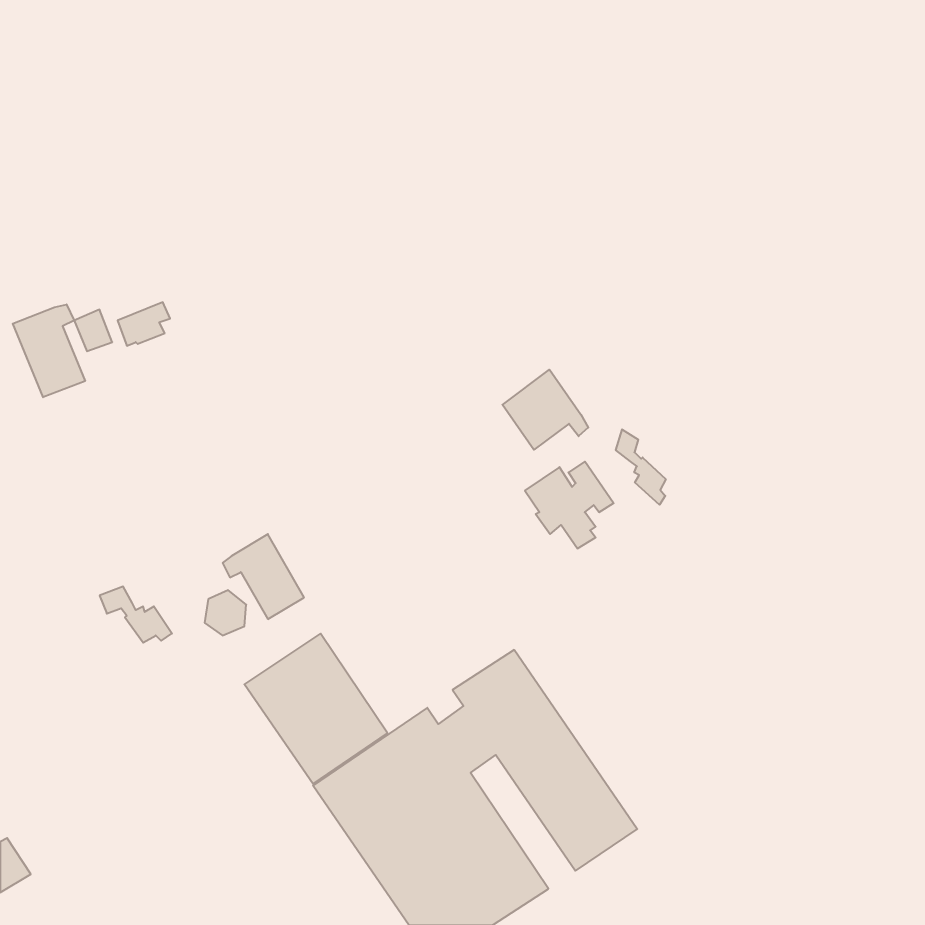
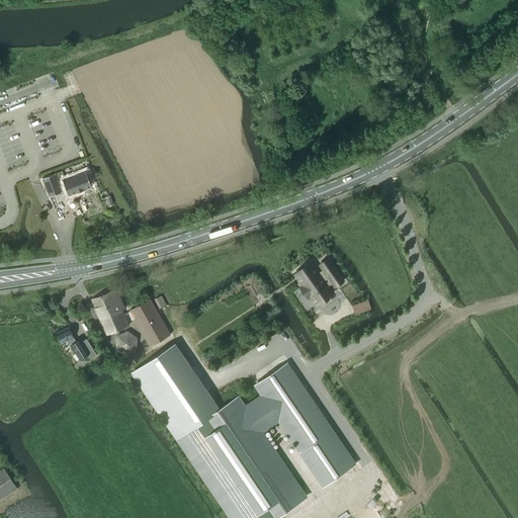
building: [13,304,85,397] -> none
building: [502,370,588,450] -> none
building: [616,429,666,505] -> none
building: none -> [92,289,130,334]

